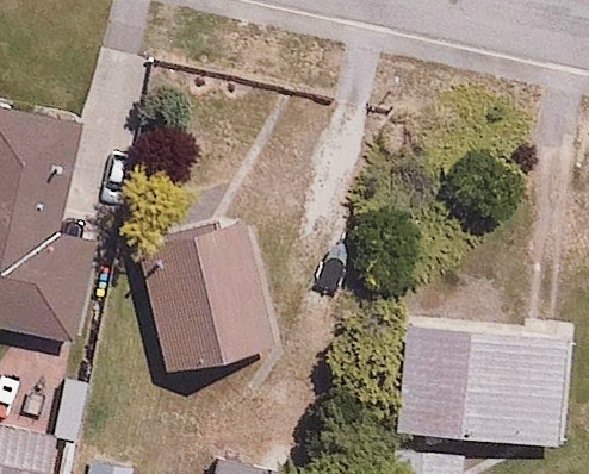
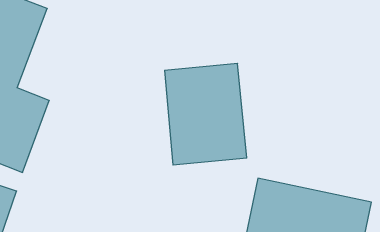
building: [138,220,271,375] -> [165,63,247,165]

